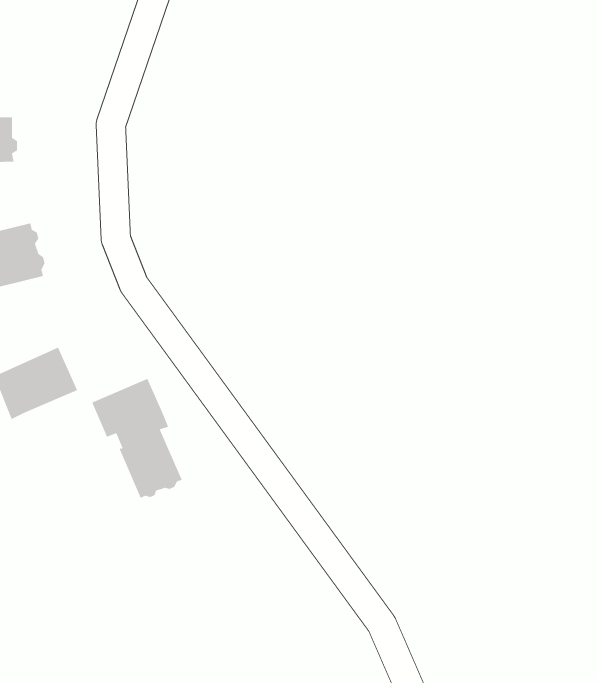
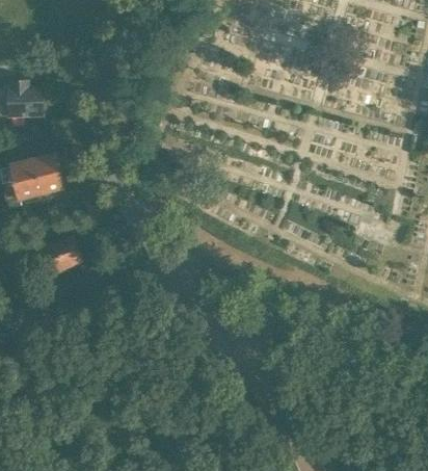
building: [91,378,183,499] -> none

